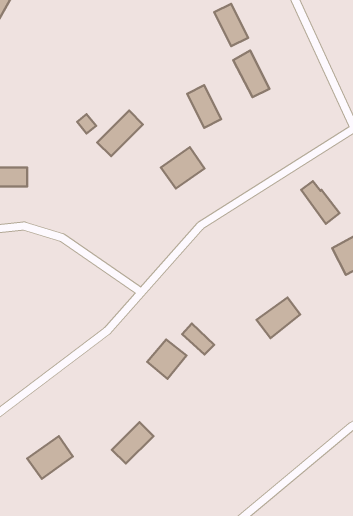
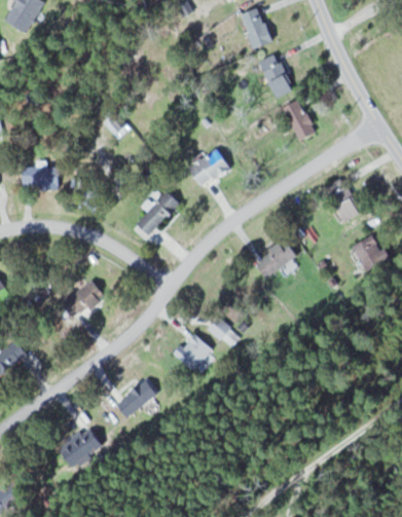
building: [187,85,221,128] -> [283,100,316,141]
building: [97,111,143,156] -> [136,190,180,234]
building: none -> [62,280,105,321]
building: [257,298,300,338] -> [254,238,296,278]
building: [112,422,153,464] -> [116,378,156,418]

